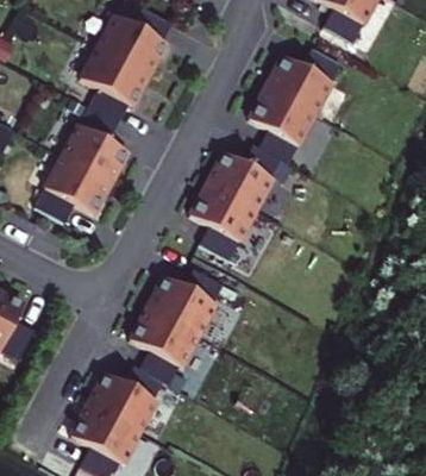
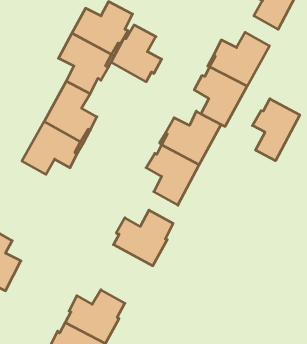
building: none -> [111,25,162,82]
building: none -> [252,99,300,161]
building: [129,309,196,384] -> none

